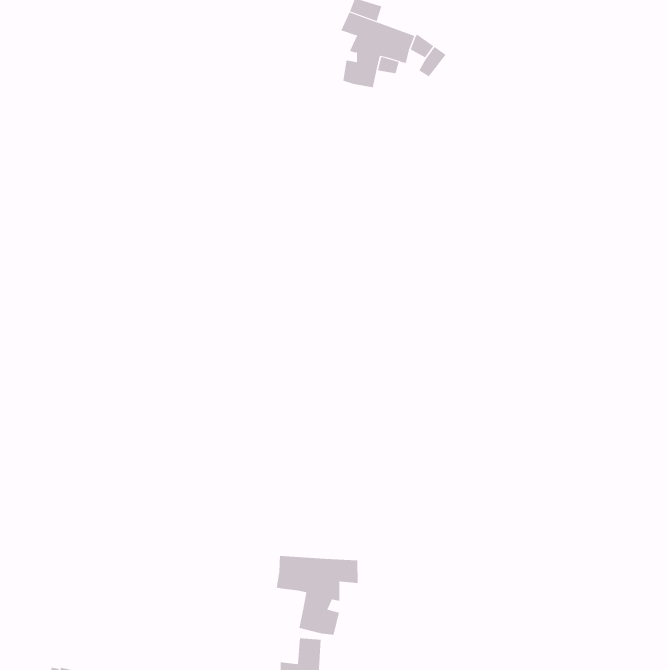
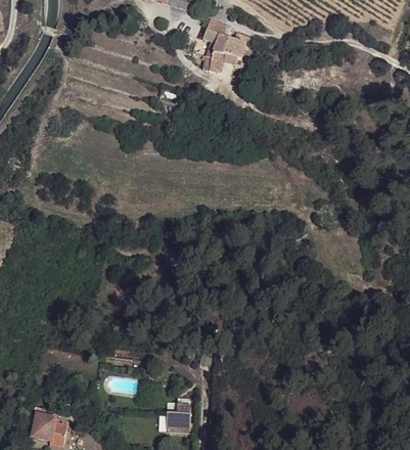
building: [276,555,358,635] -> none

